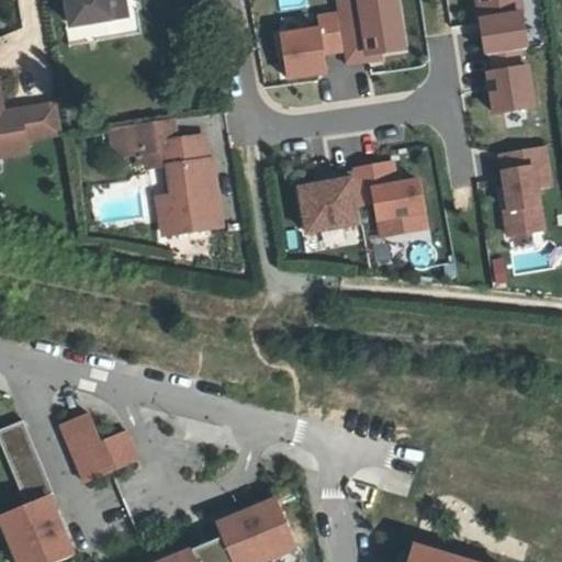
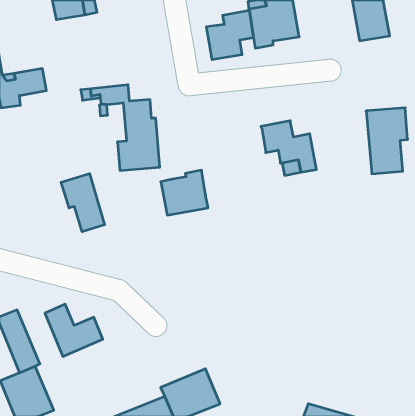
building: [481,63,531,110] -> none
building: [297,173,361,234] -> [161,170,208,215]
building: none -> [61,174,105,232]

